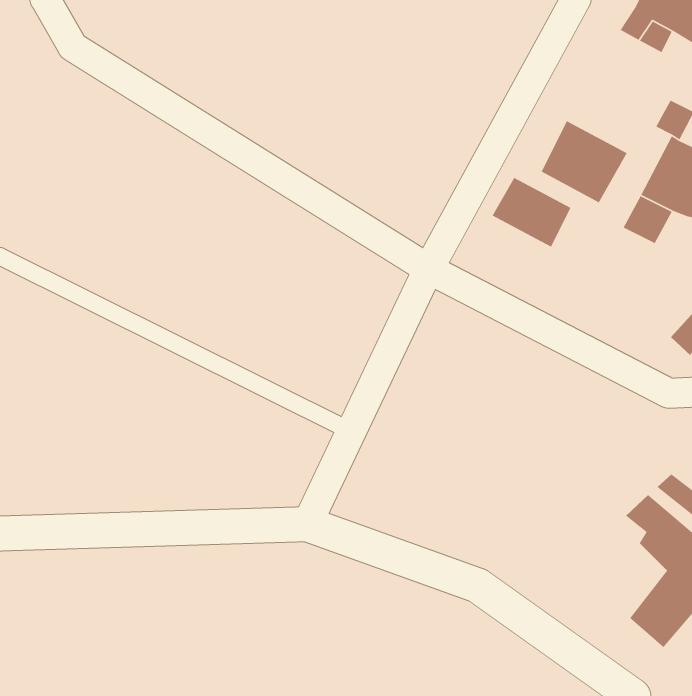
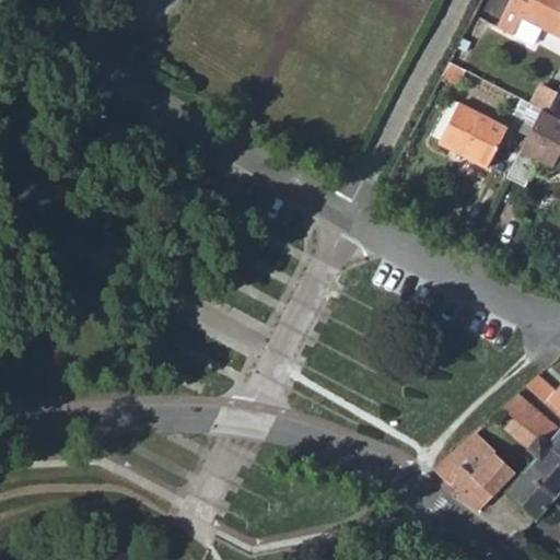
building: [491,177,571,248] -> none
building: none -> [438,434,518,513]

